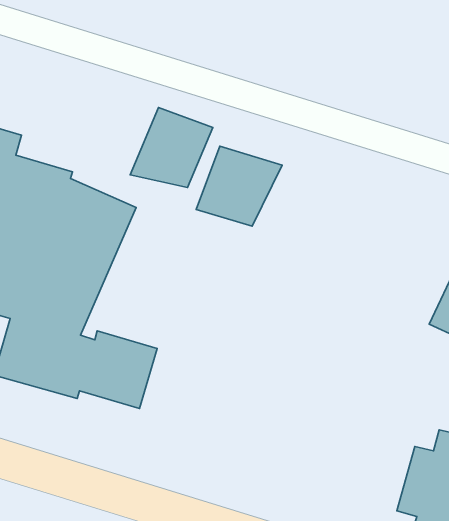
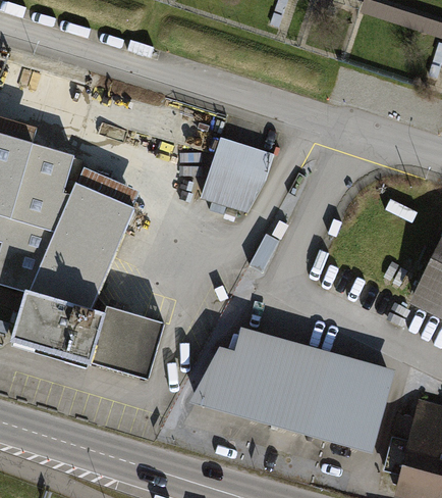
building: [130,108,213,187] -> none
building: none -> [190,327,395,455]

